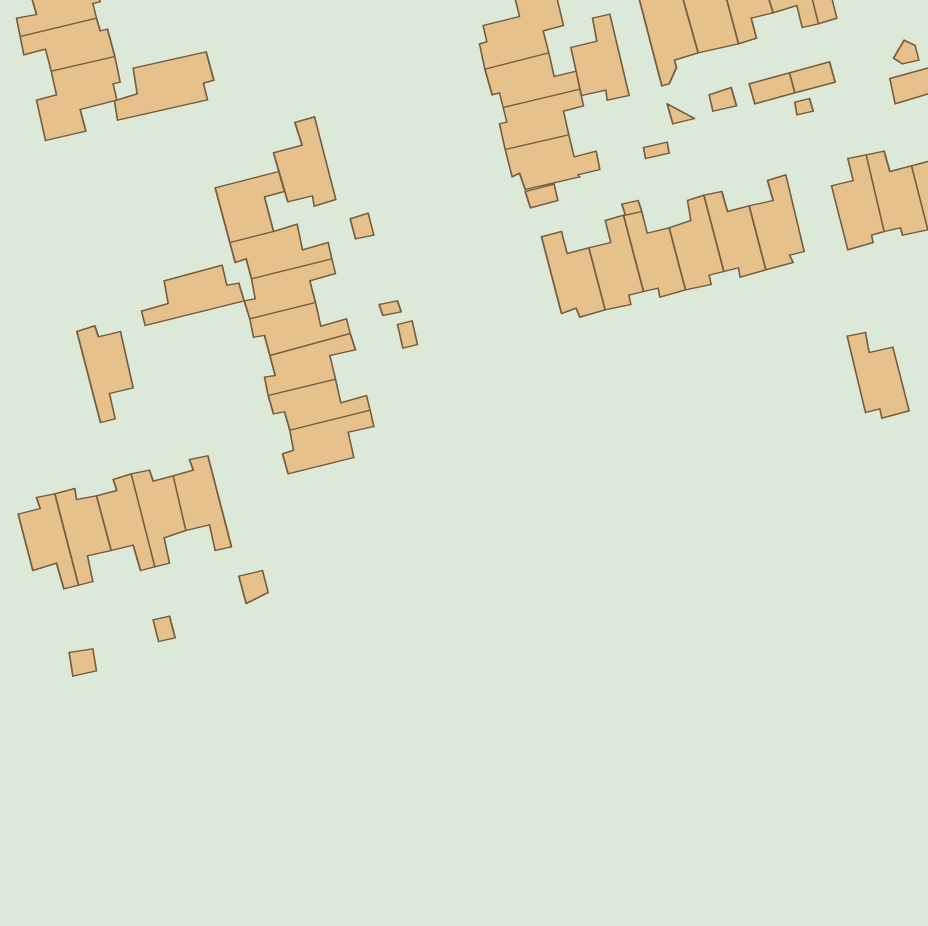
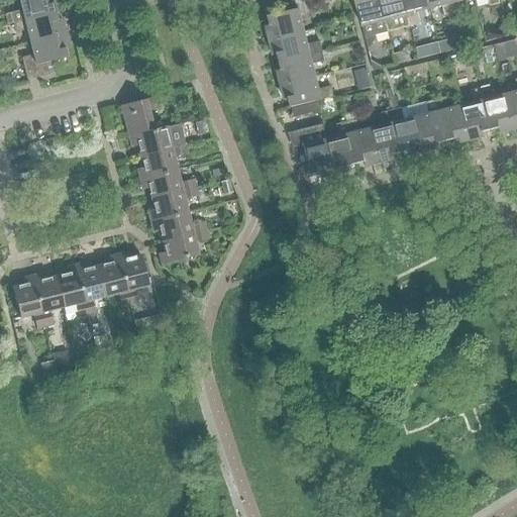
building: [571,14,629,100] -> none
building: [114,52,214,120] -> none
building: [274,117,336,206] -> none
building: [141,265,244,326] -> none
building: [77,326,133,423] -> [117,249,148,303]
building: [847,332,909,418] -> [437,95,472,142]

